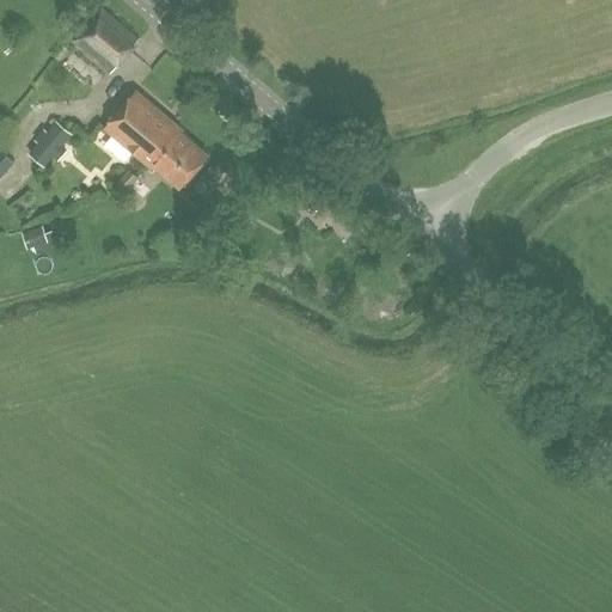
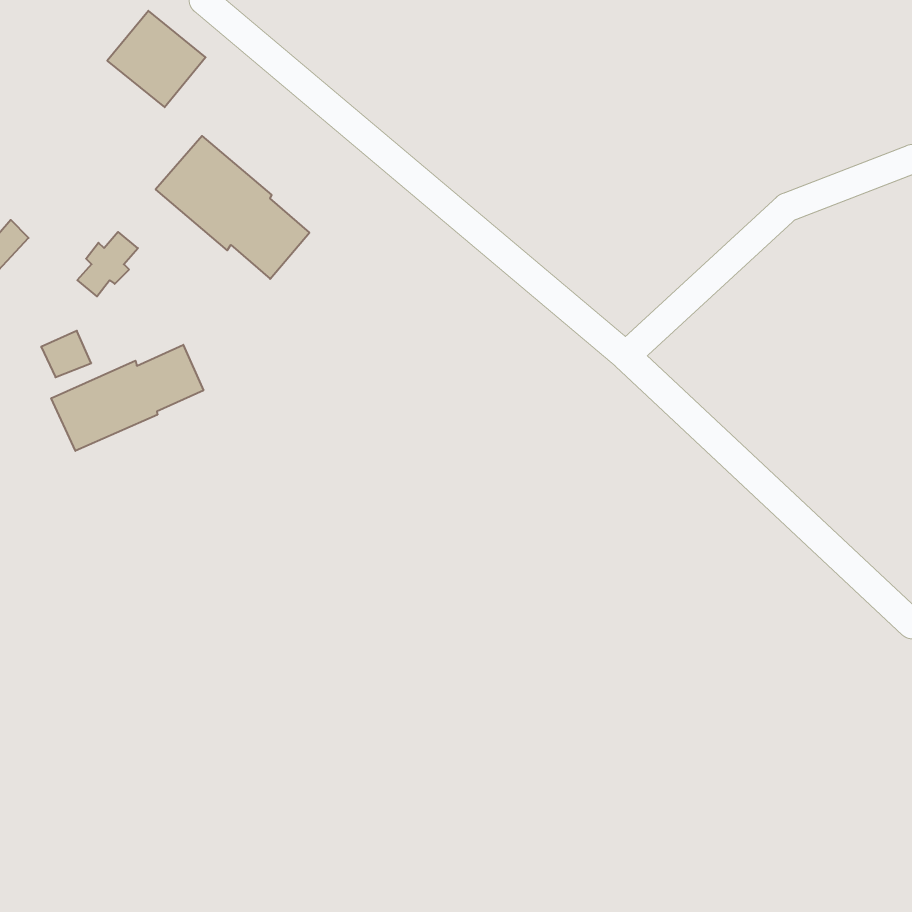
building: [29,123,69,166] -> [77,232,138,296]
building: none -> [51,345,203,451]

